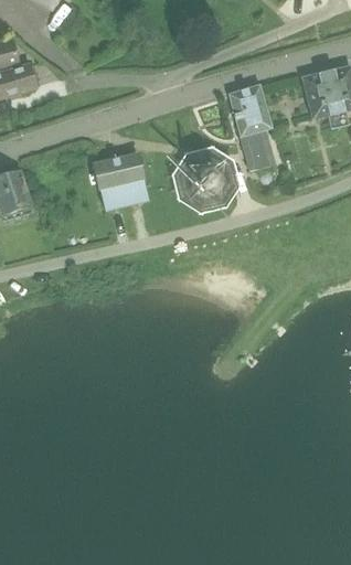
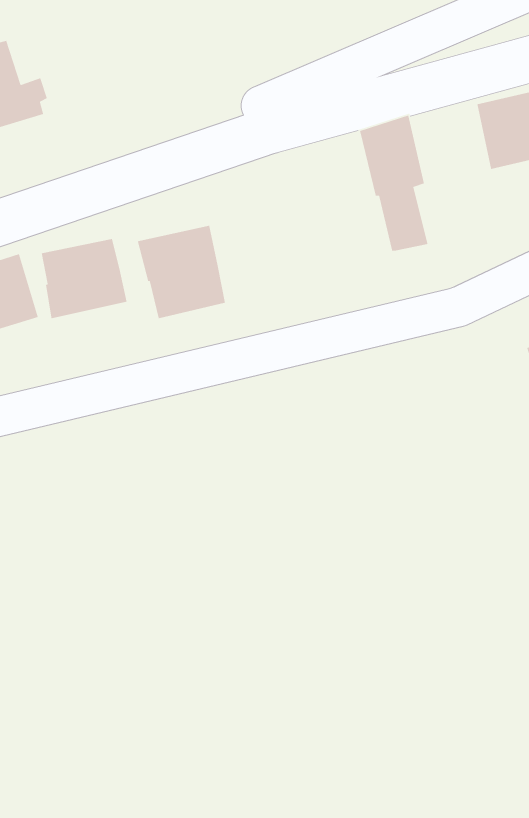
building: none -> [41,238,128,319]
building: [187,161,225,200] -> none

